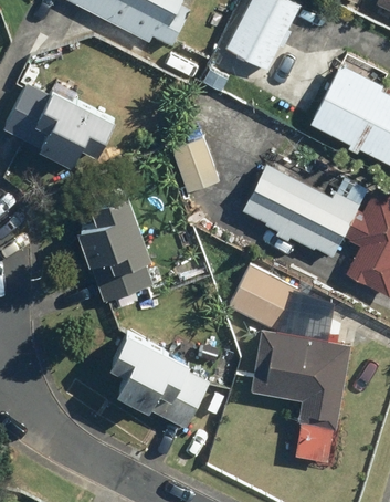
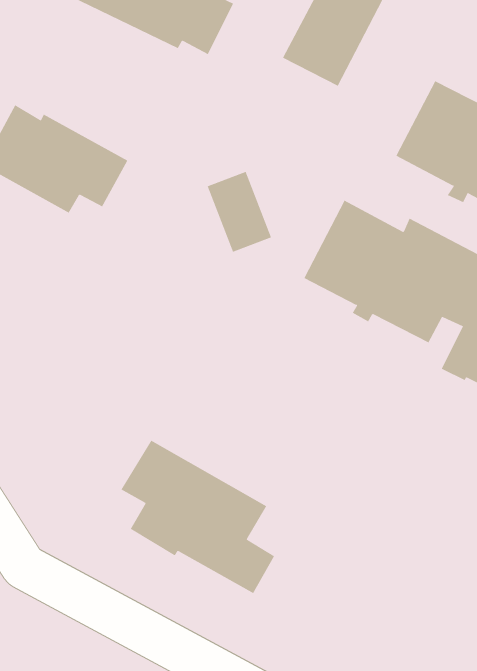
building: [76,190,151,302] -> none
building: [224,262,351,466] -> none

